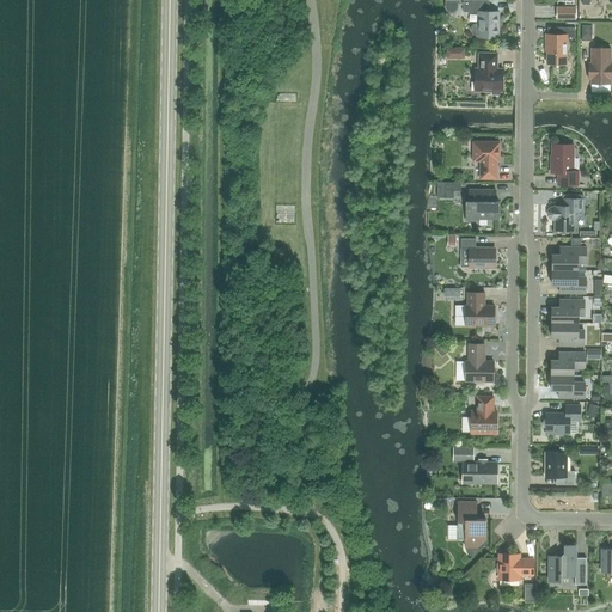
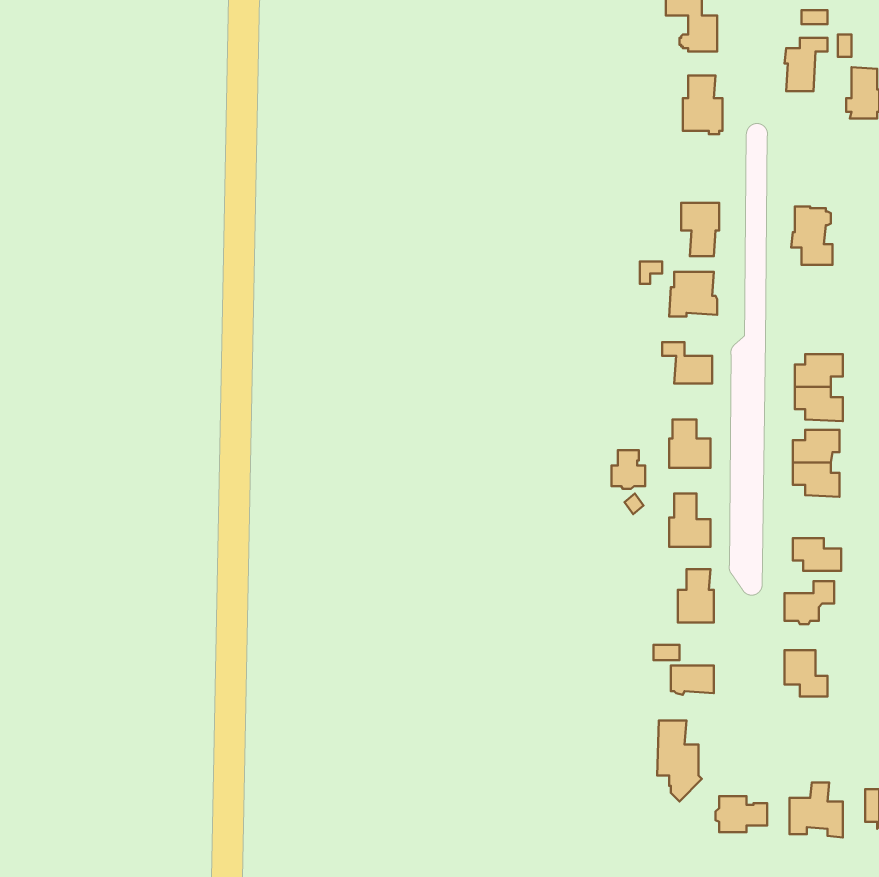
building: [547,194,583,230] -> none
building: none -> [611,450,645,489]
building: [551,351,585,374] -> none

